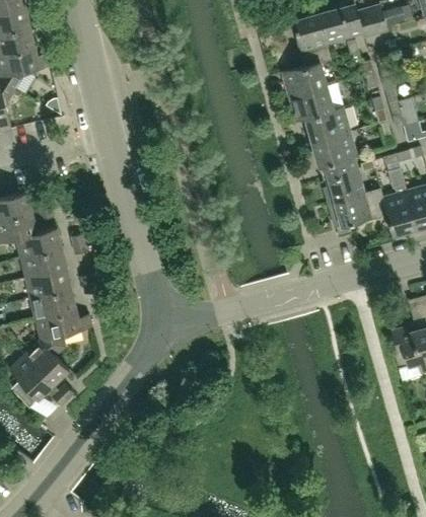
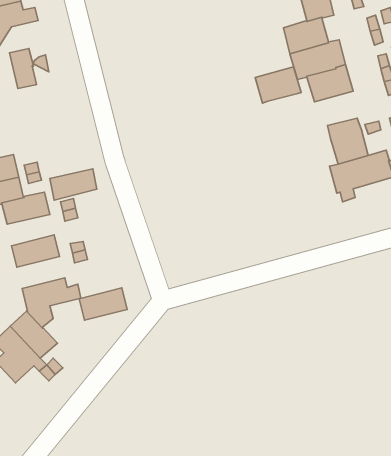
building: none -> [9,49,36,89]
building: [312,133,356,167] -> [255,67,301,103]
building: [21,249,66,279] -> [50,169,97,200]
building: [30,289,76,319] -> [79,288,127,320]

